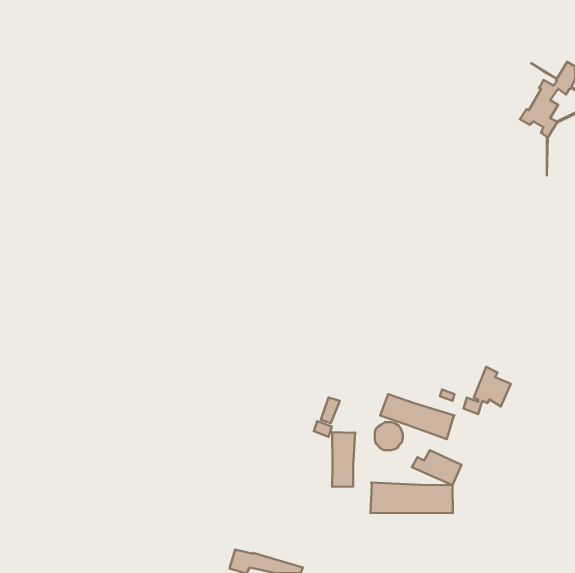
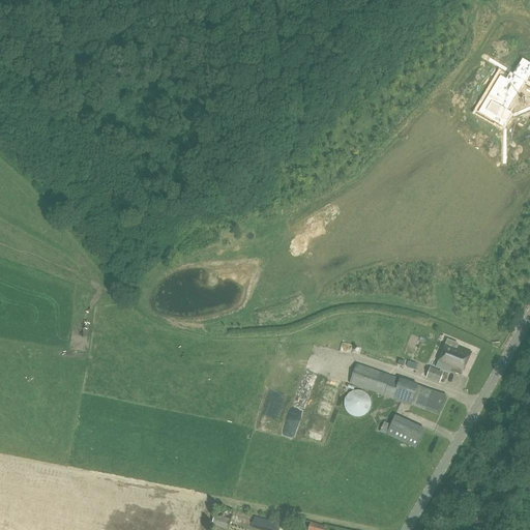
building: none -> [411,383,446,413]
building: [332,432,355,487] -> none
building: [370,483,453,513] -> none

